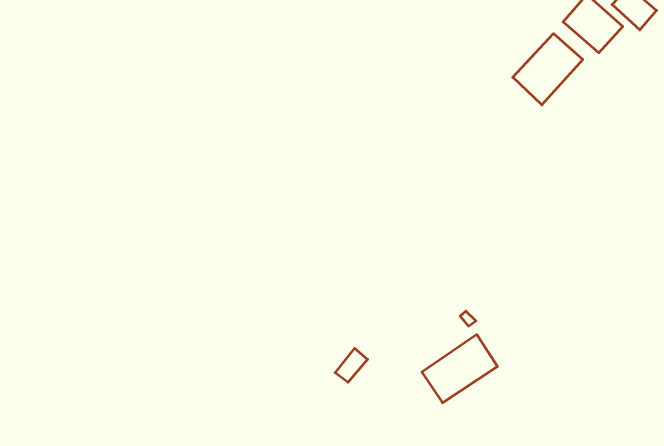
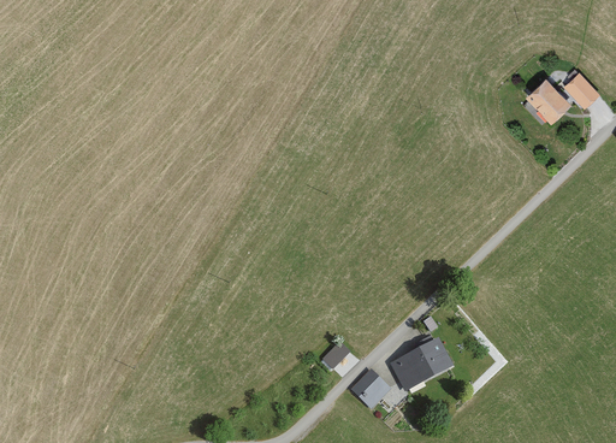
building: [513,34,583,105] -> none
building: none -> [350,371,389,408]

